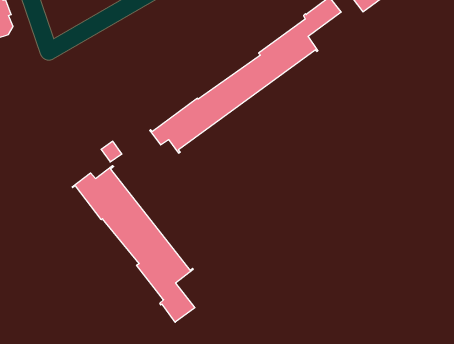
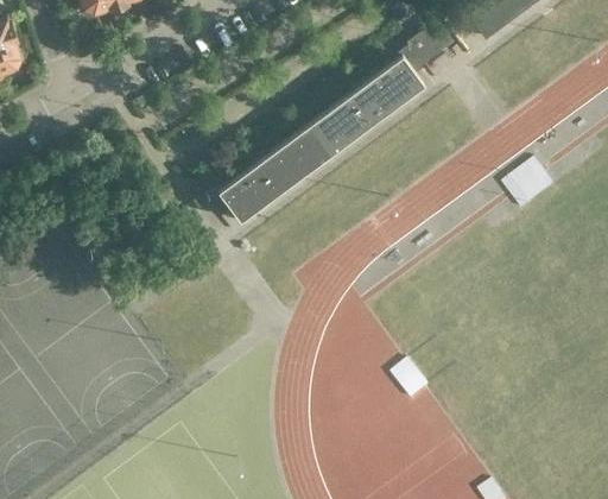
building: [72,166,195,322] -> none

